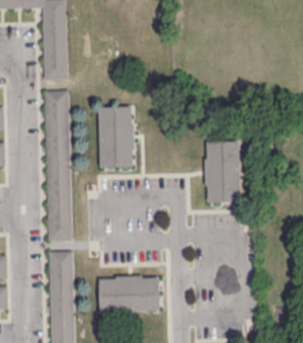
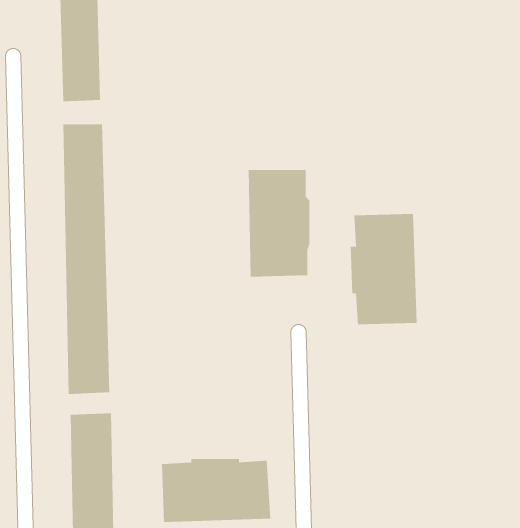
building: [98,107,133,167] -> [248,169,310,277]

